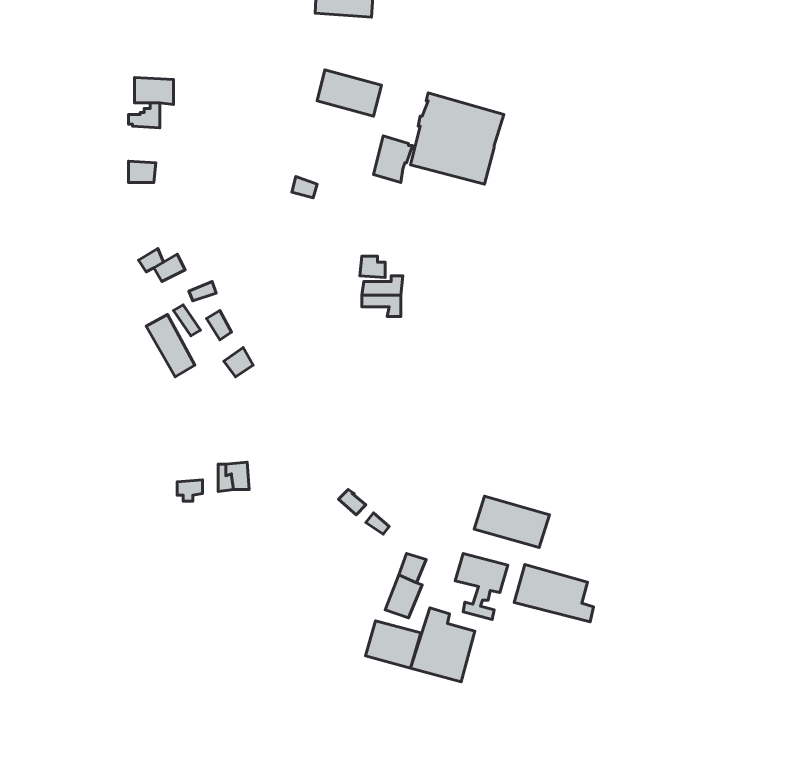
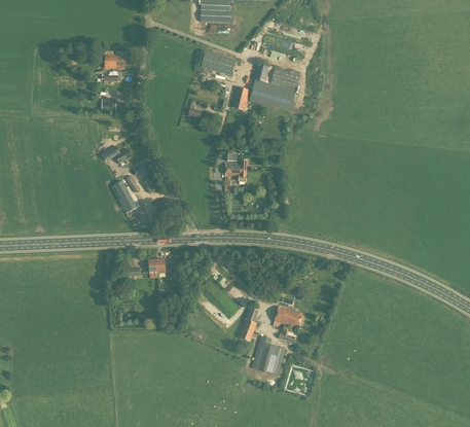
building: [474,496,549,548] -> none
building: [514,564,594,622] -> none
building: [365,621,421,668] -> none

